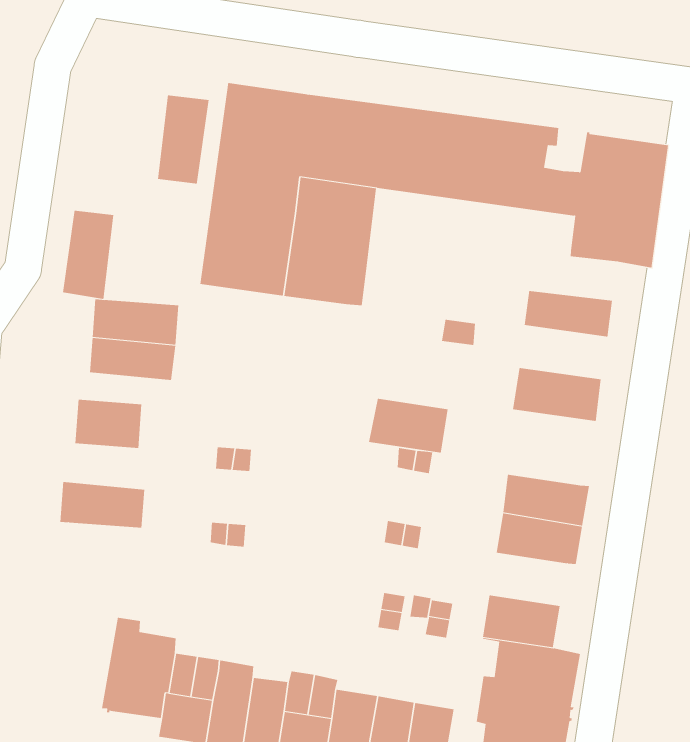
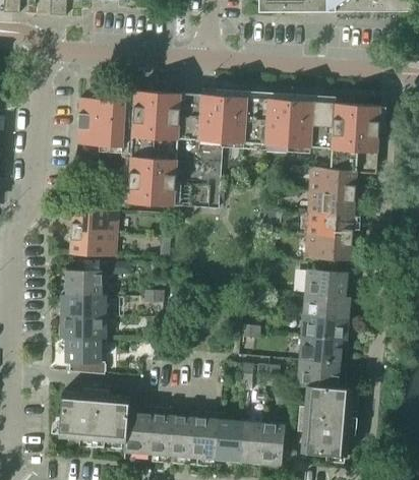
building: [62,210,114,299] -> [76,99,102,146]
building: none -> [308,168,356,194]
building: none -> [306,212,354,238]
building: [368,398,448,453] -> [304,269,347,297]
building: none -> [60,295,106,317]
building: none -> [65,339,105,375]
building: none -> [299,338,341,364]
building: none -> [58,387,96,440]

